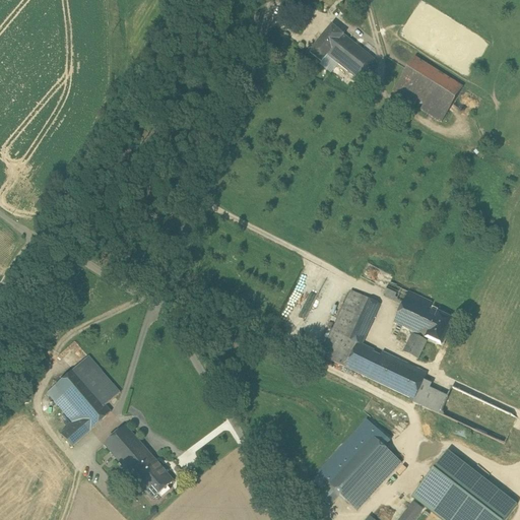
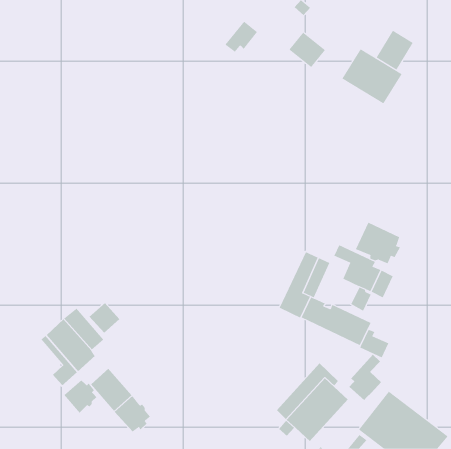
building: [310,23,348,60] -> [224,21,258,52]
building: none -> [376,30,413,70]
building: none -> [355,222,401,264]
building: none -> [89,302,120,334]
building: none -> [349,354,382,401]
building: none -> [63,380,97,413]

